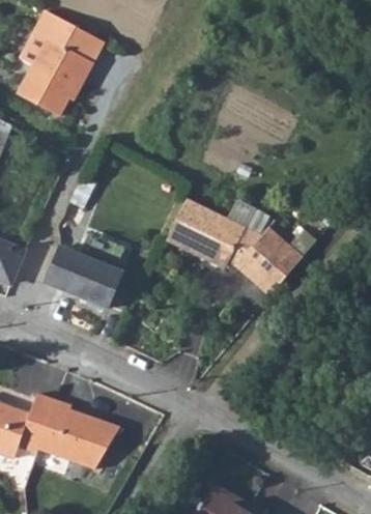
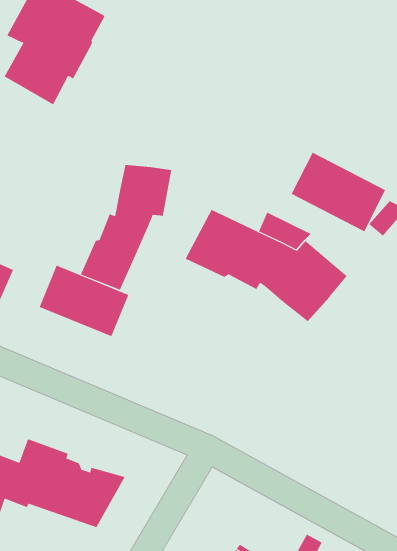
building: none -> [291,152,386,232]
building: none -> [80,164,172,291]

